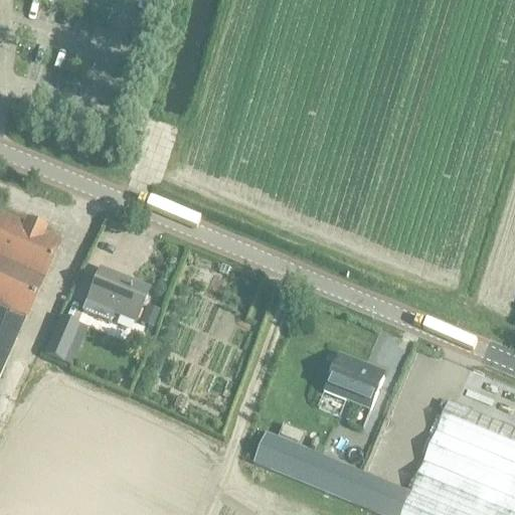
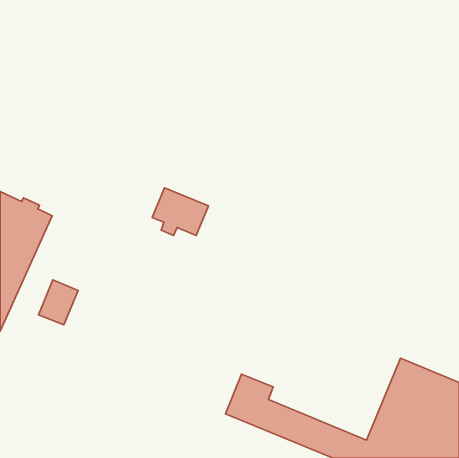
building: [85,269,149,322] -> [152,188,209,236]
building: [324,356,385,410] -> none

